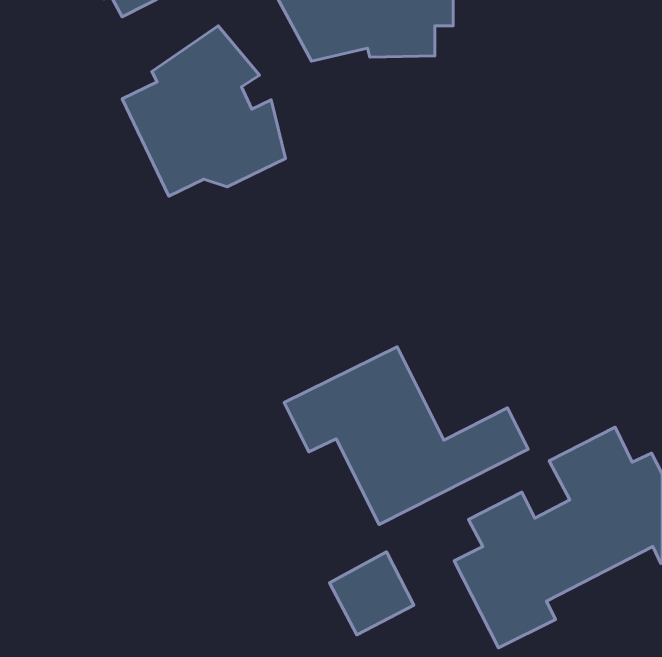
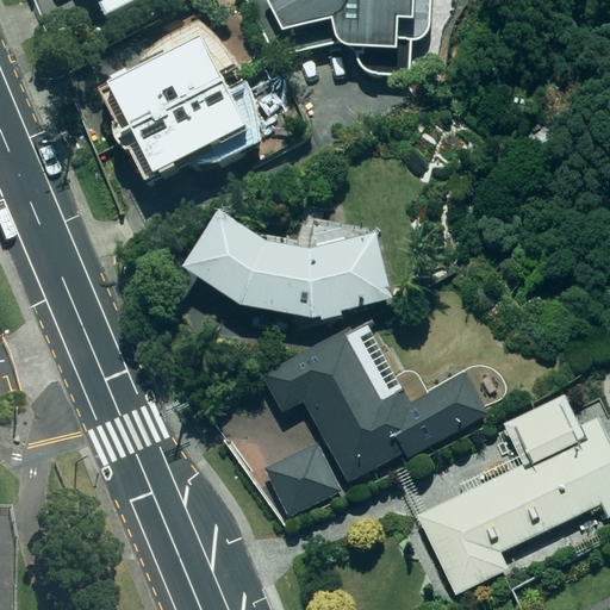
building: none -> [186,216,392,322]
building: [330,552,414,635] -> [264,441,342,517]

